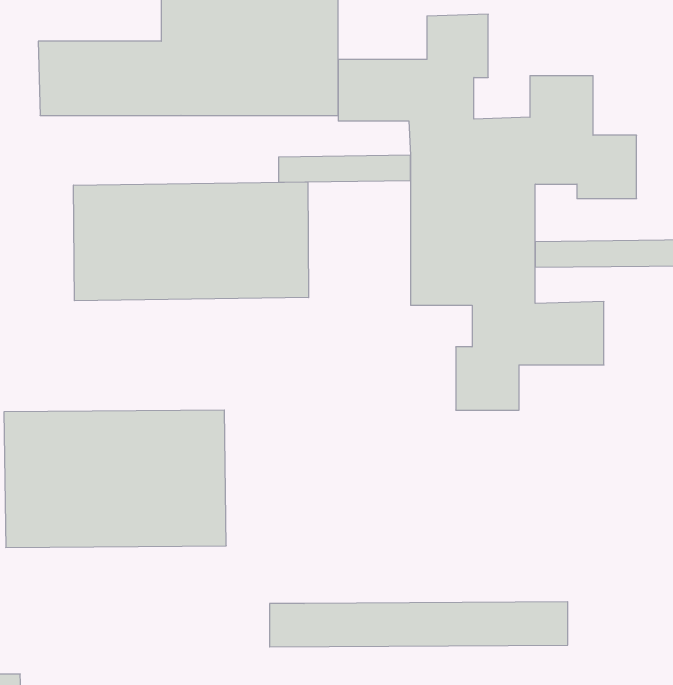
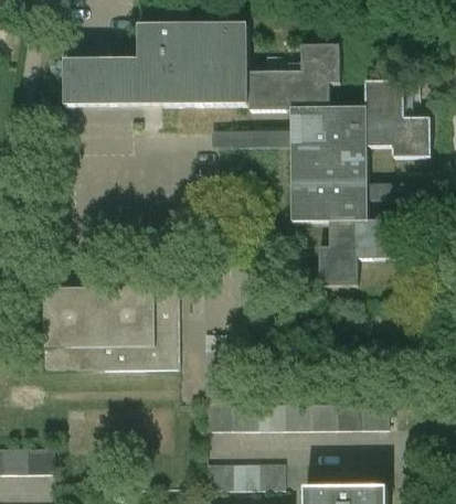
building: [74,182,309,301] -> none

